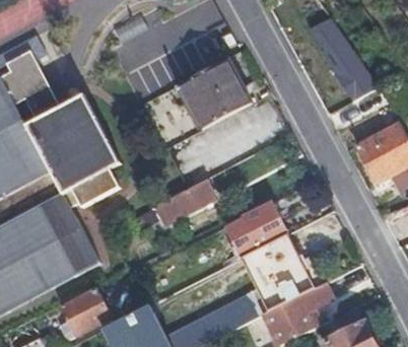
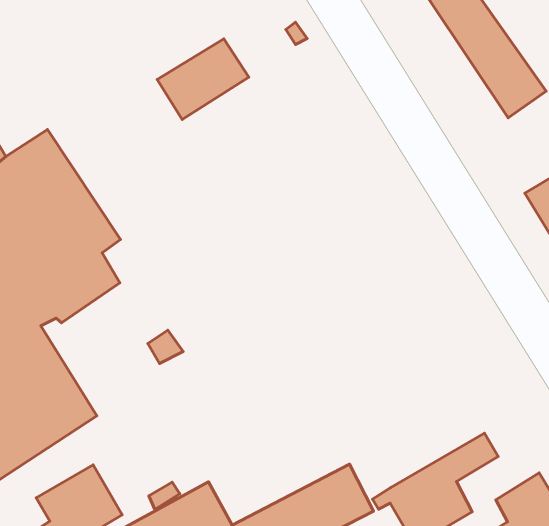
building: [182,59,254,129] -> none
building: [149,184,210,230] -> none
building: [226,204,288,258] -> none
building: [247,245,326,313] -> none

